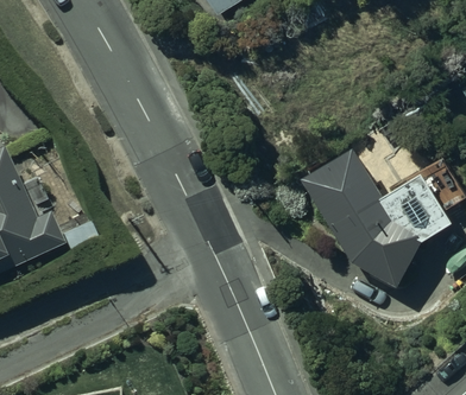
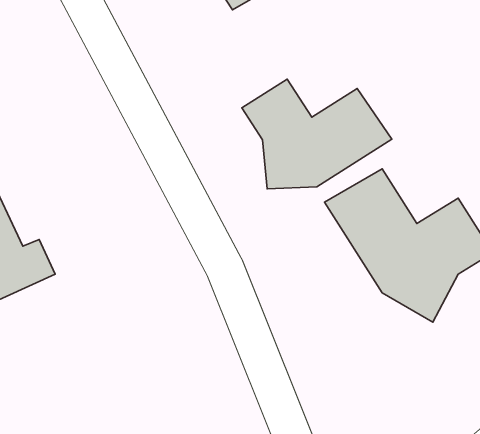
building: none -> [242,79,392,189]

